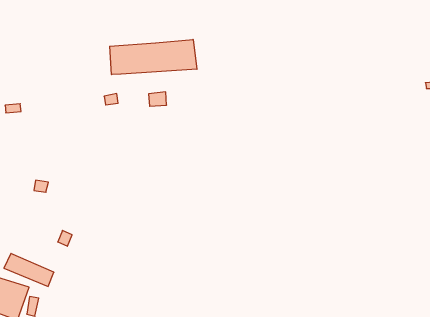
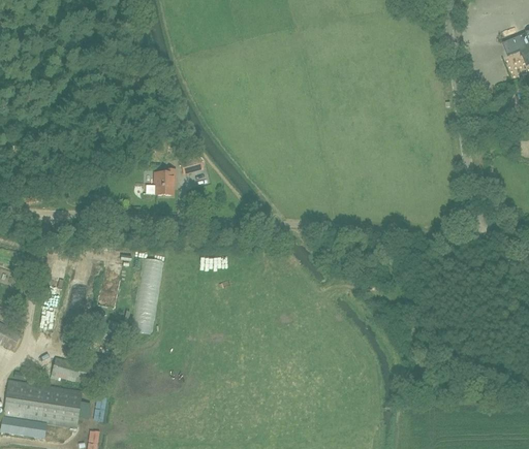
building: [110,39,197,75] -> none
building: none -> [155,169,175,196]

